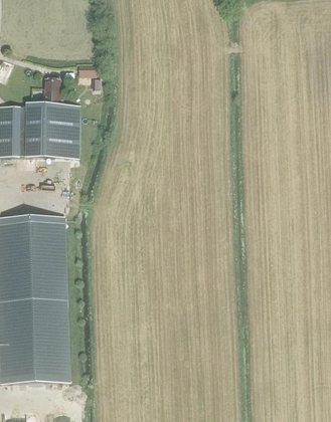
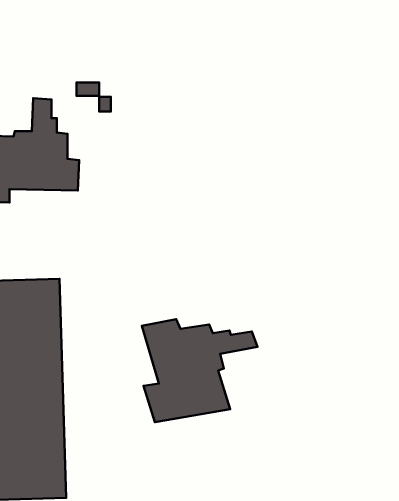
building: none -> [142,319,258,422]

